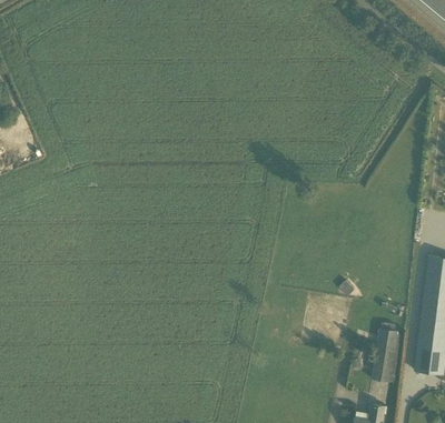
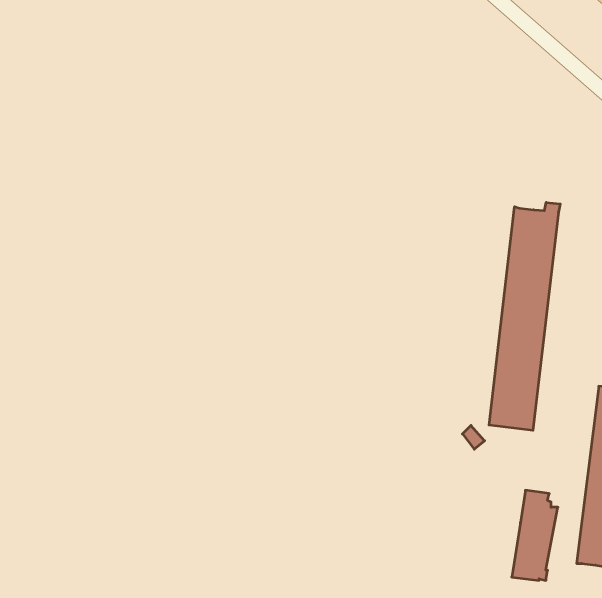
building: none -> [489,202,560,430]

